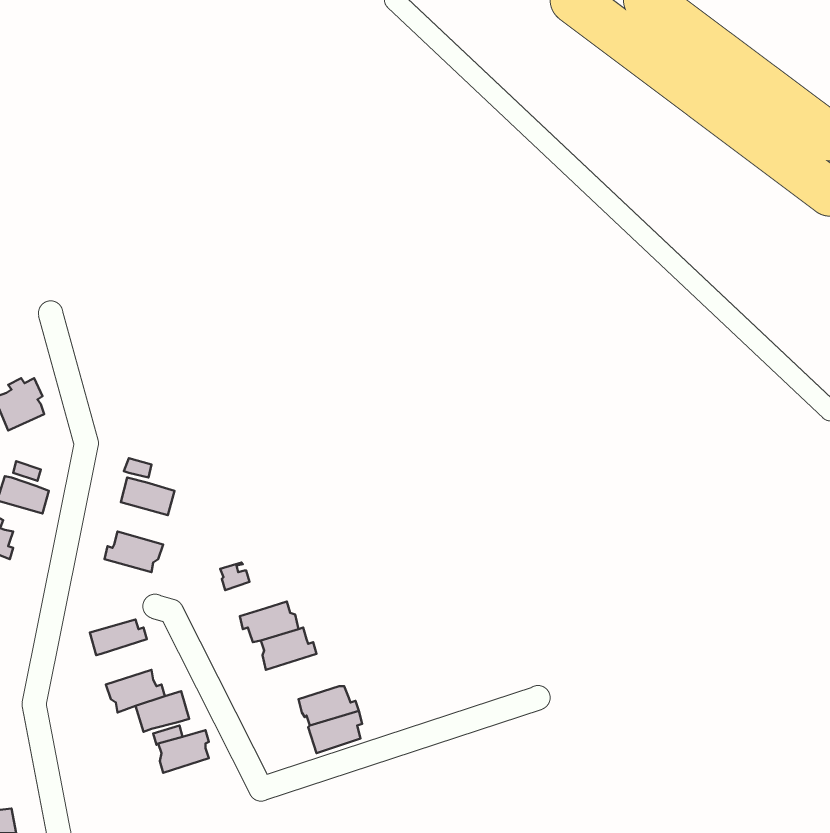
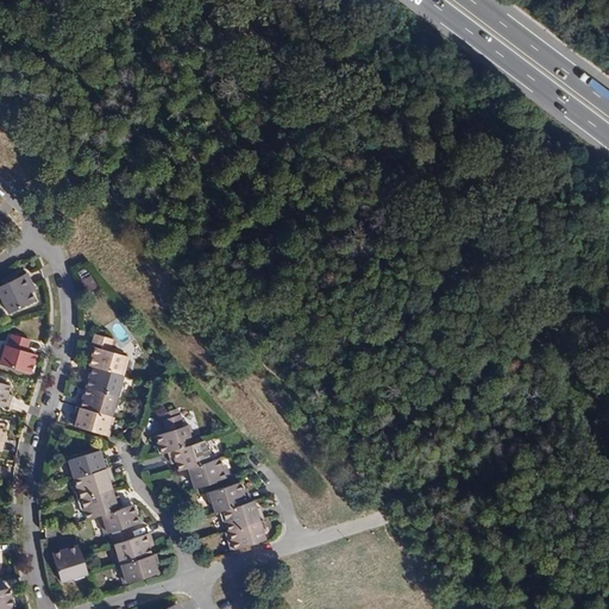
building: none -> [86,366,123,397]
building: none -> [74,408,113,437]
building: none -> [155,427,194,454]
building: none -> [74,466,111,500]
building: none -> [206,483,247,511]
building: none -> [54,541,88,582]
building: none -> [119,552,159,582]

